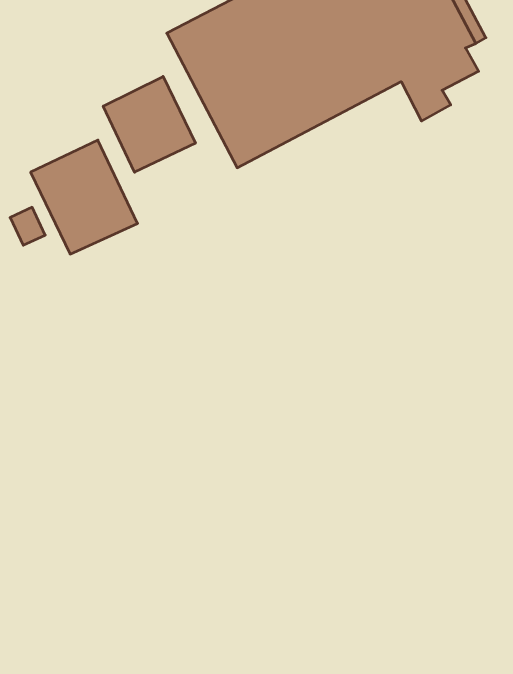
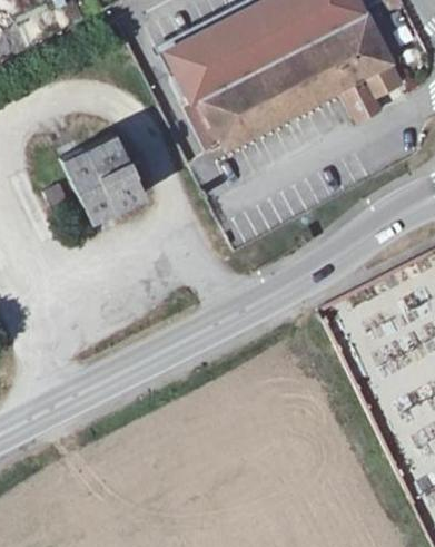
building: [103,76,195,172] -> none

